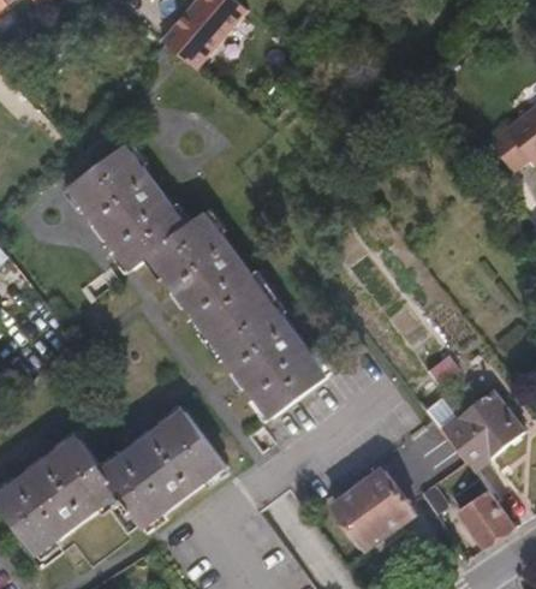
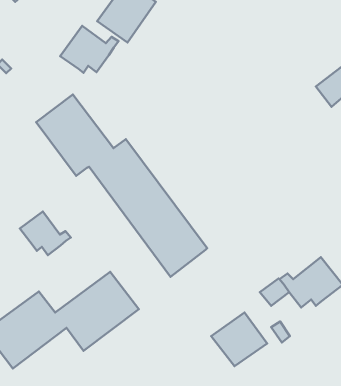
building: none -> [60,26,119,73]
building: none -> [20,211,71,255]
building: [449,478,512,545] -> none

